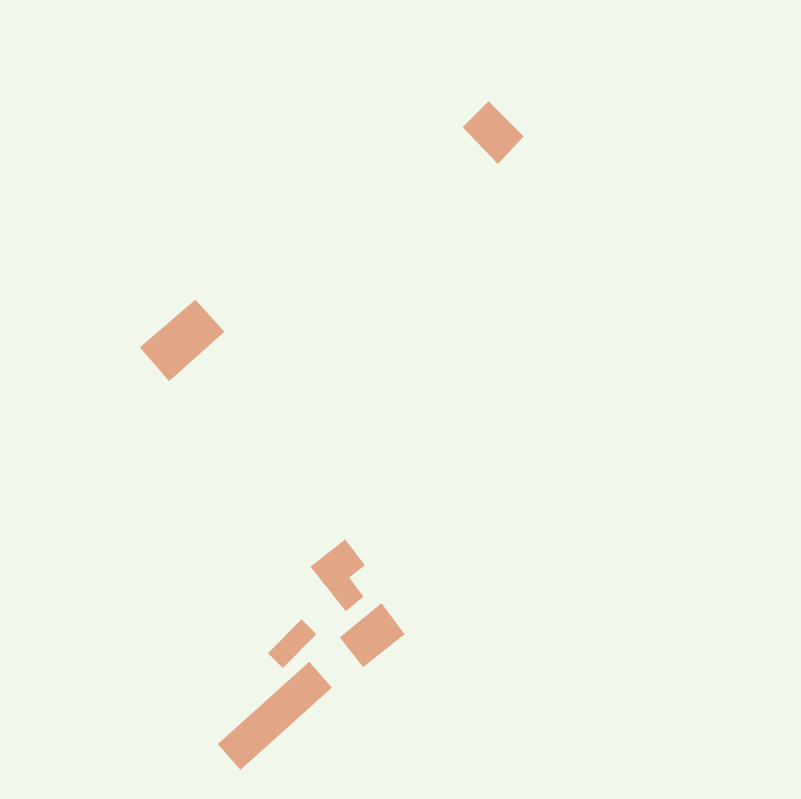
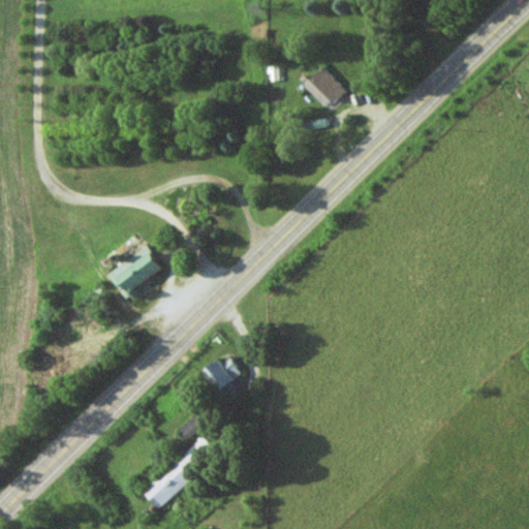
building: [139,299,225,382] -> [106,243,163,298]
building: [339,602,406,668] -> none

